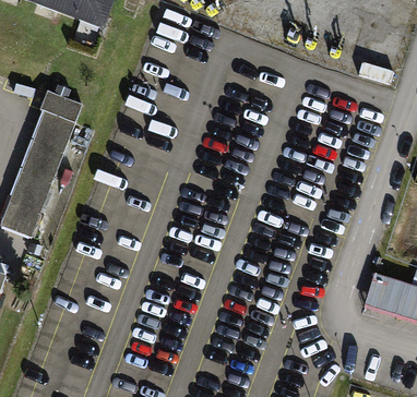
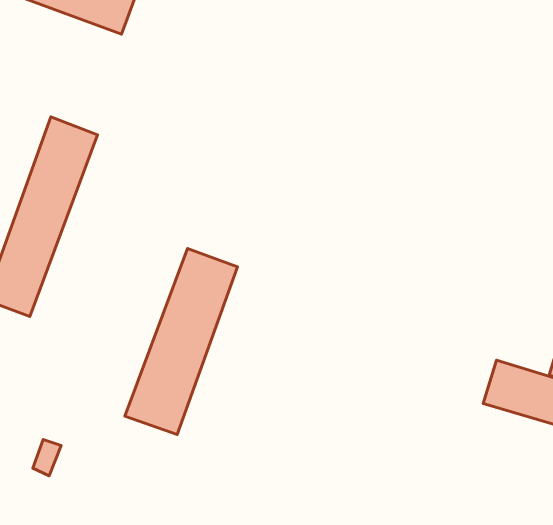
building: none -> [125,249,238,435]

